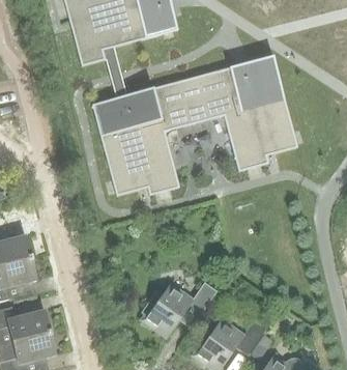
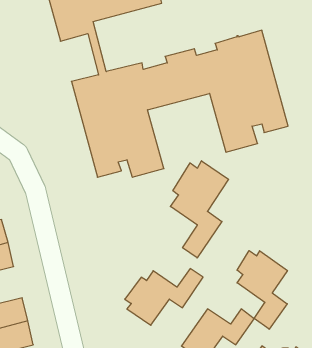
building: none -> [170,161,229,258]
building: none -> [237,251,287,329]

